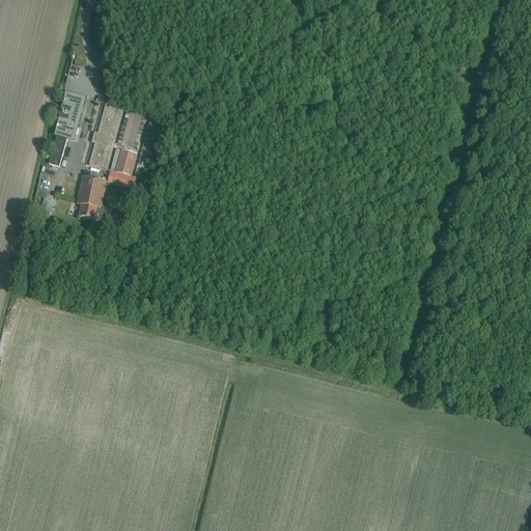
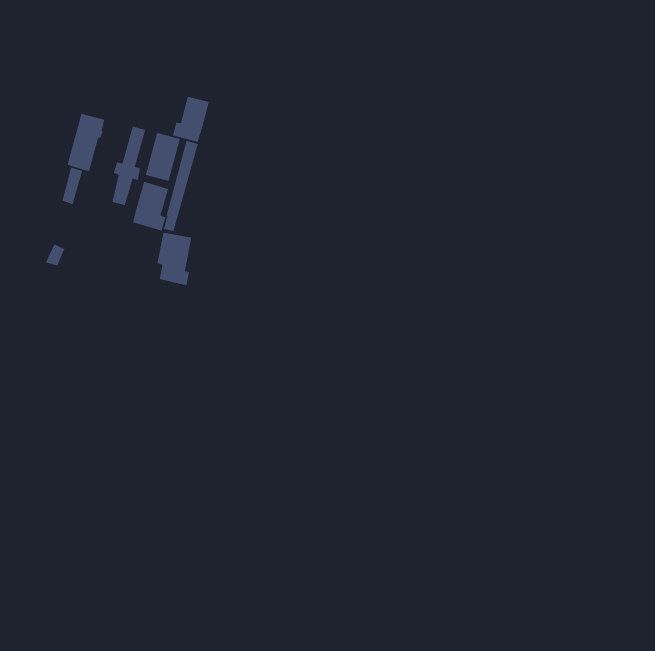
building: none -> [171,96,210,143]
building: [77,175,106,219] -> [156,232,192,286]

